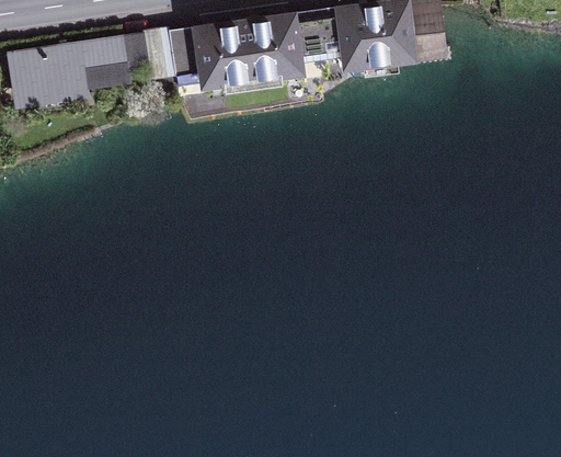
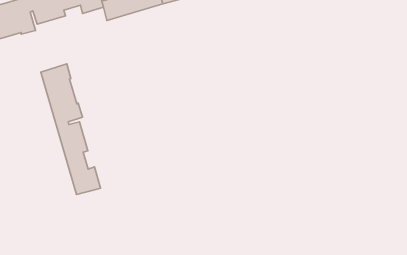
building: none -> [41,64,100,194]

